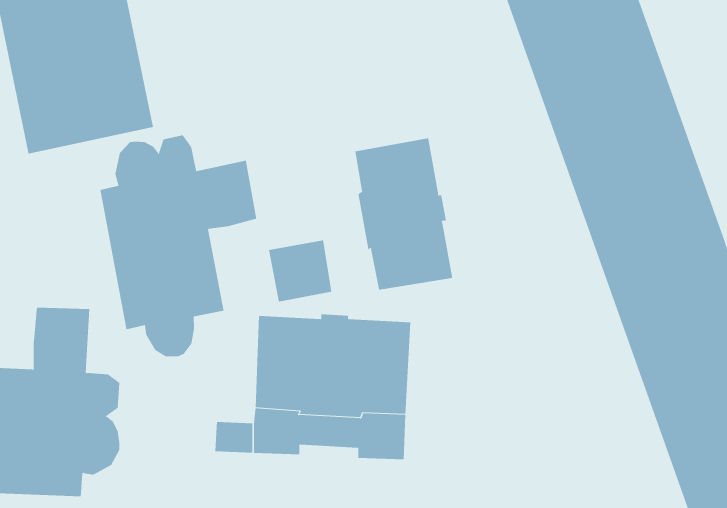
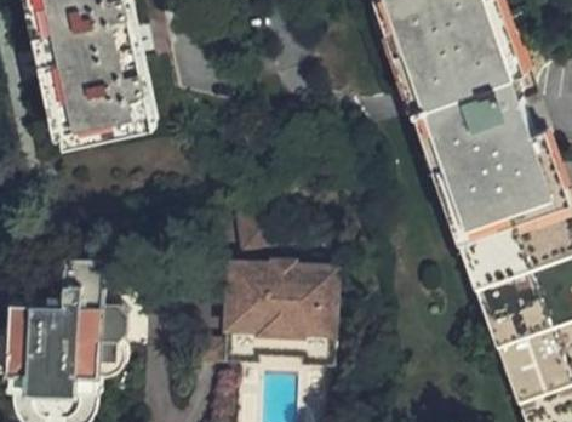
building: [100,134,257,357] -> none
building: [355,138,453,290] -> none

